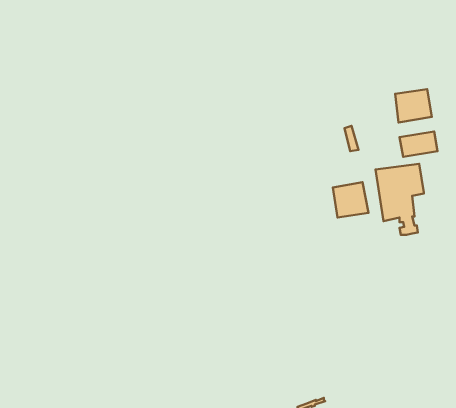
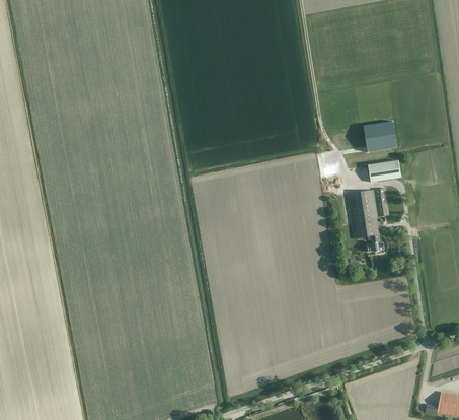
building: [333,182,369,217] -> none

